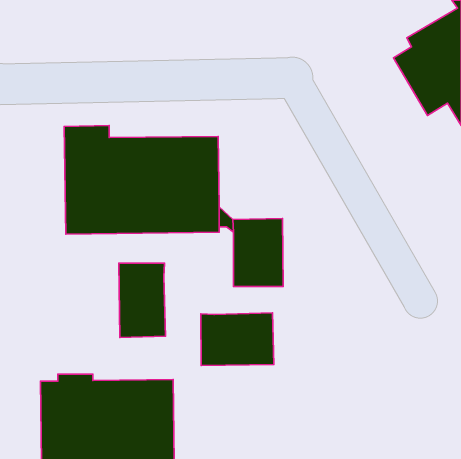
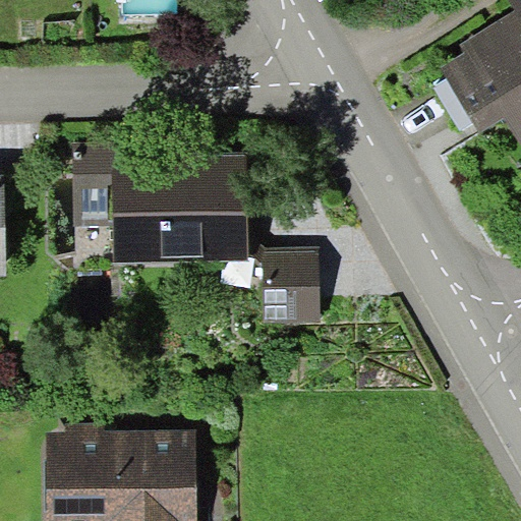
building: [119,263,165,337] -> none
building: [201,313,274,365] -> none

